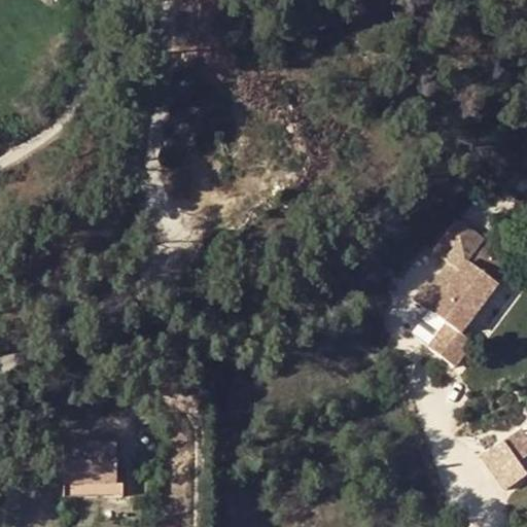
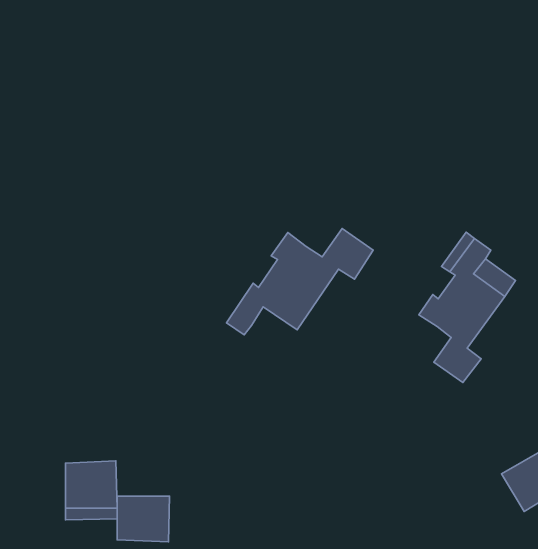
building: none -> [227,228,373,335]
building: none -> [117,496,170,542]

